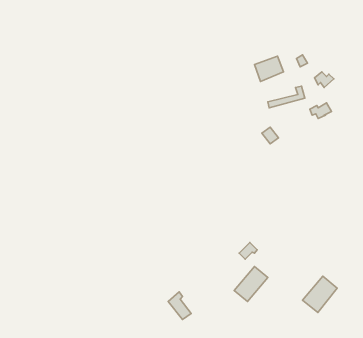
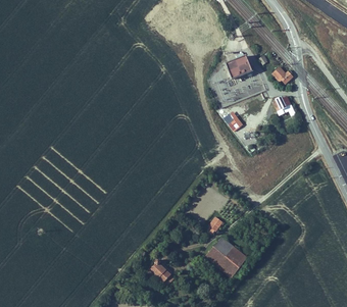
building: [302,276,337,312] -> [217,245,247,275]

